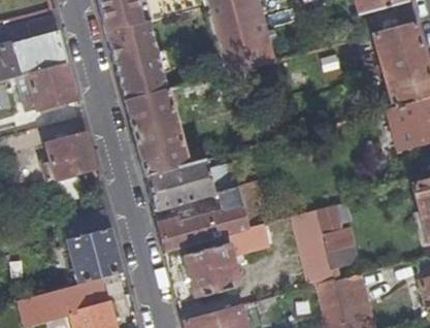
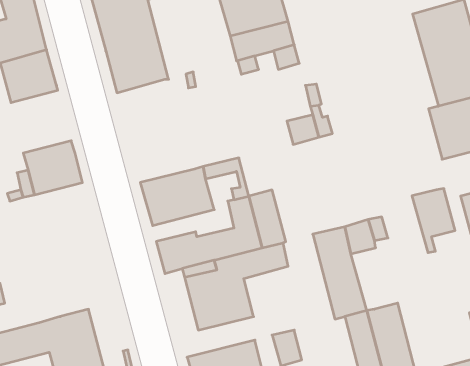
building: [126,86,191,172] -> none
building: [63,212,125,285] -> none
building: [322,226,358,280] -> [412,189,455,253]

